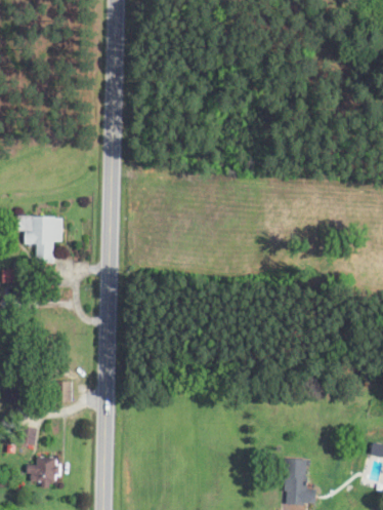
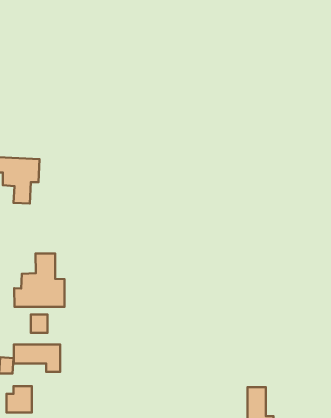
building: none -> [14,253,65,307]
building: none -> [14,344,60,372]

